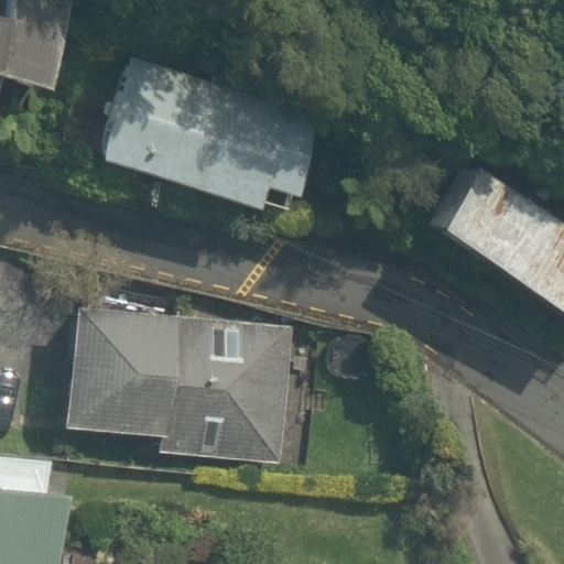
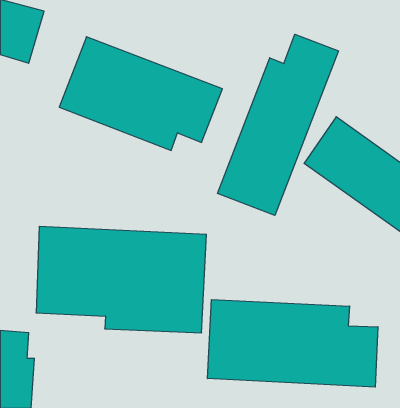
building: none -> [217,34,339,215]
building: none -> [208,300,378,387]

